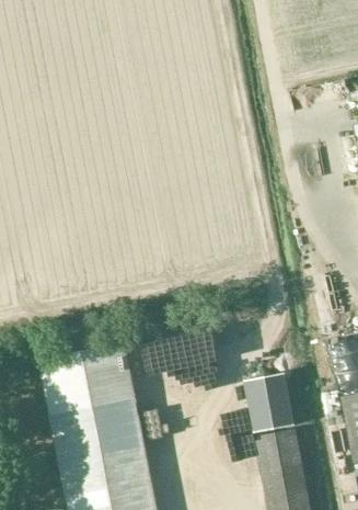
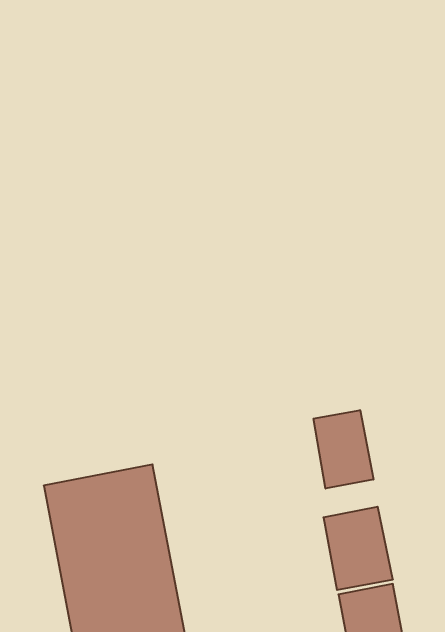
building: none -> [314,410,373,489]

